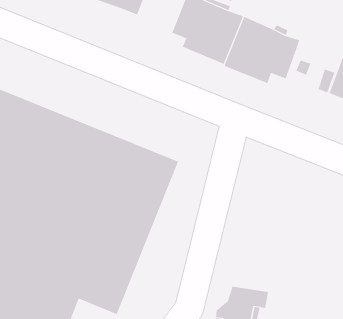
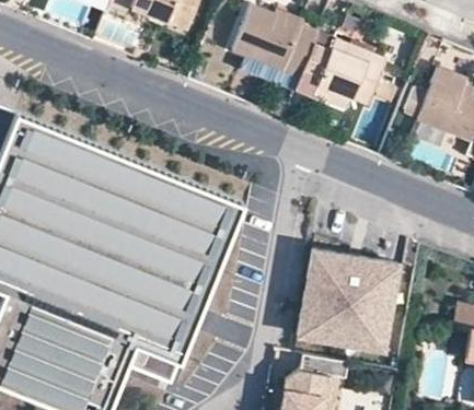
building: none -> [302,254,408,363]

